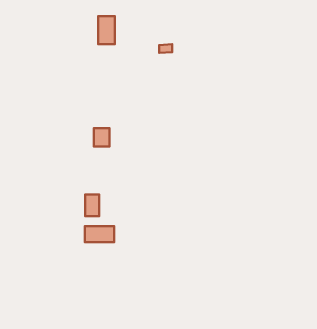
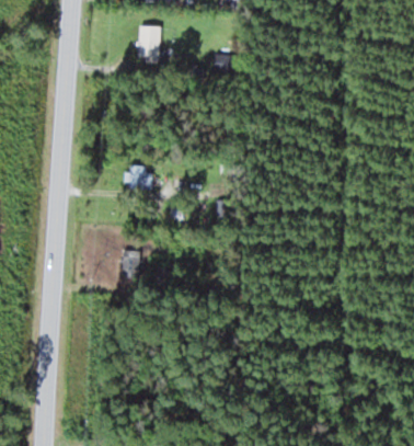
building: [85,226,114,242] -> none

